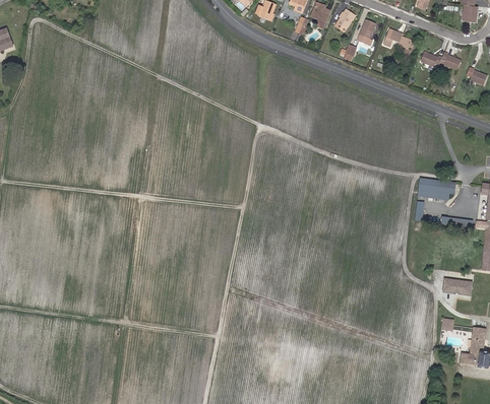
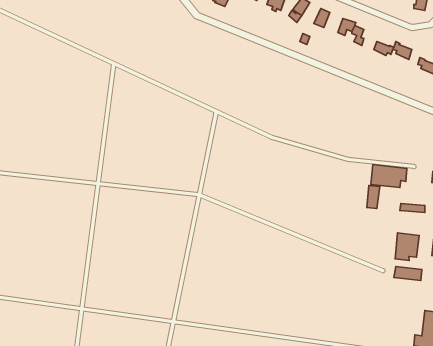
building: none -> [395,233,419,261]

